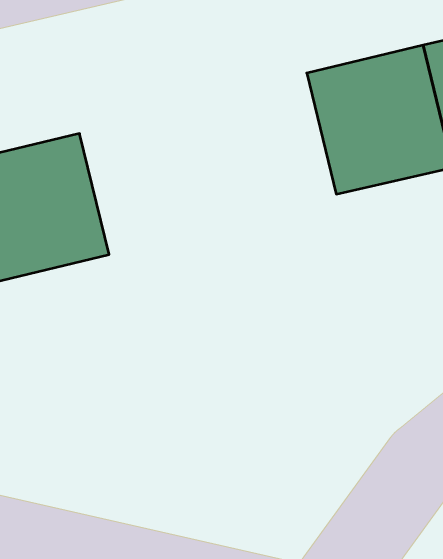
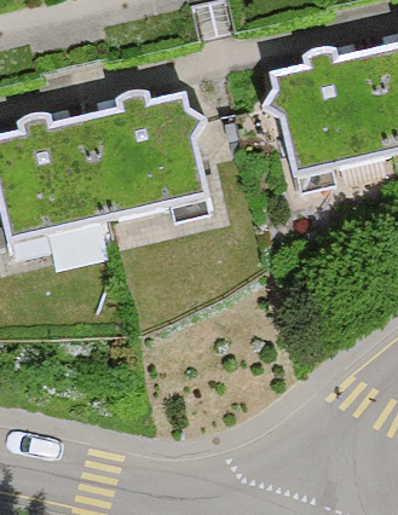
building: none -> [86,98,206,220]

